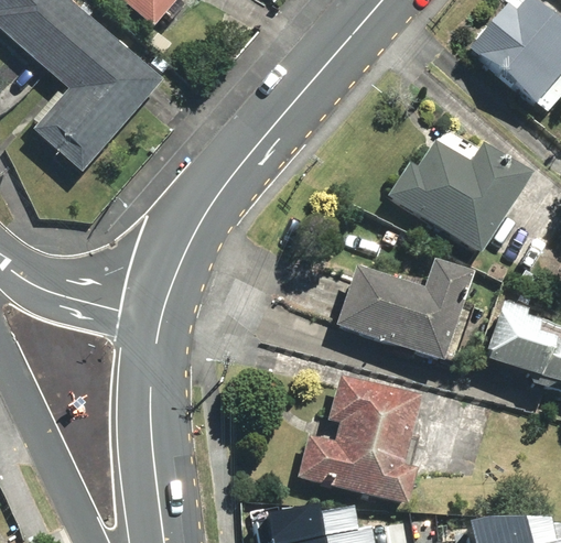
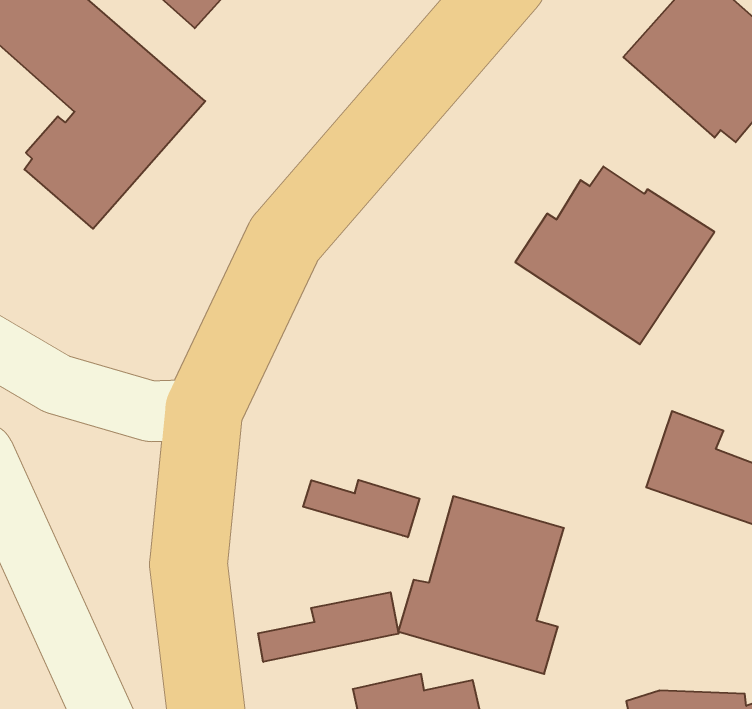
building: [336,262,470,361] -> none
building: none -> [303,480,420,537]
building: none -> [258,592,399,662]

